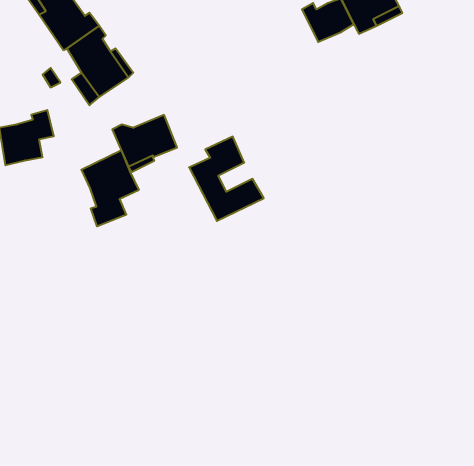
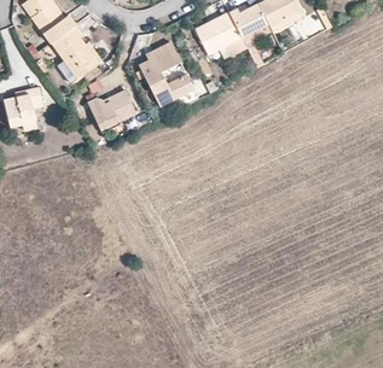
building: none -> [196,12,240,53]
building: [189,137,264,221] -> [138,41,193,104]
building: [81,150,139,226] -> none

